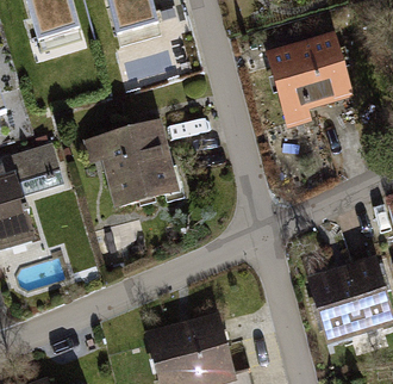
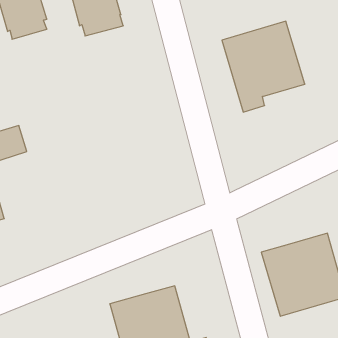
building: [85,119,177,205] -> none

